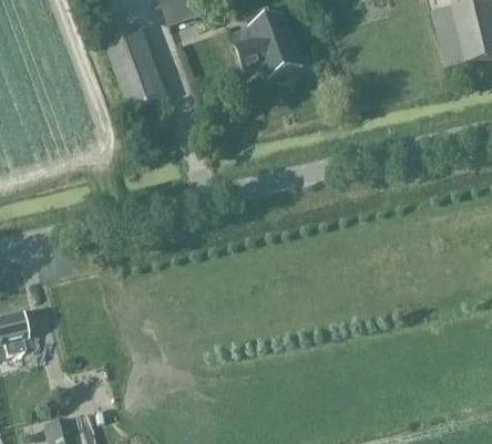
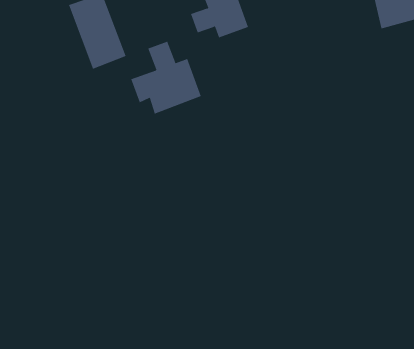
building: none -> [130,41,201,114]

